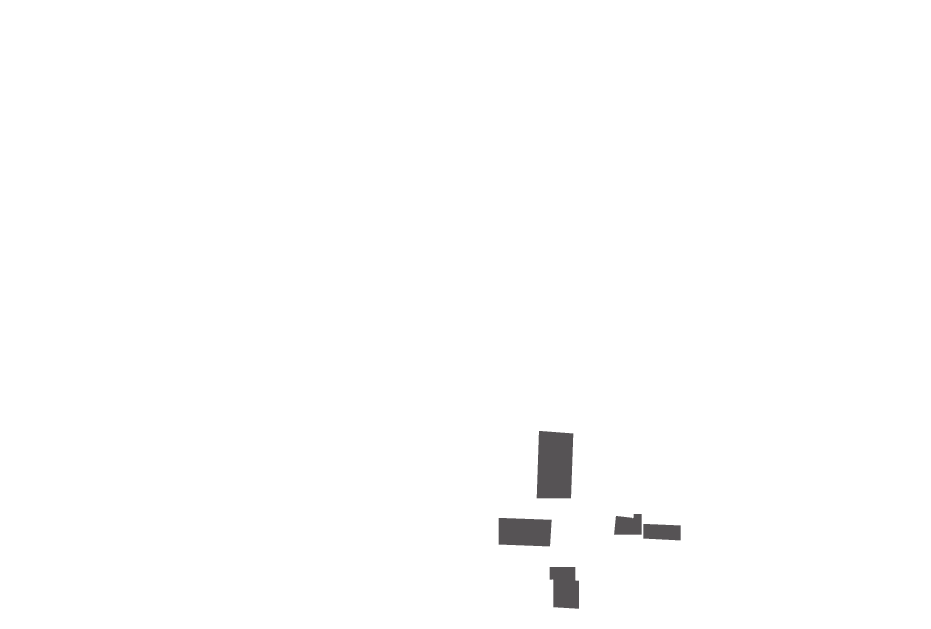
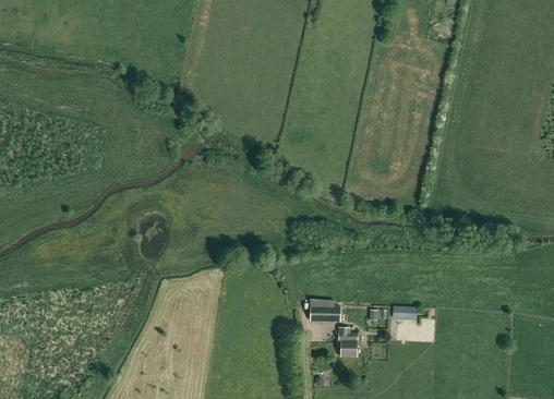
building: [536,430,574,499] -> none

